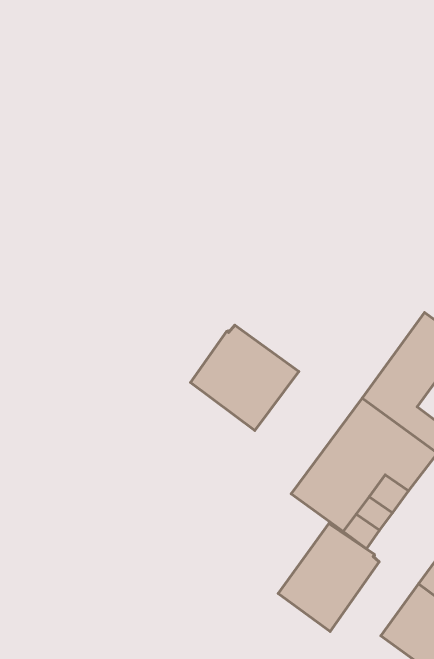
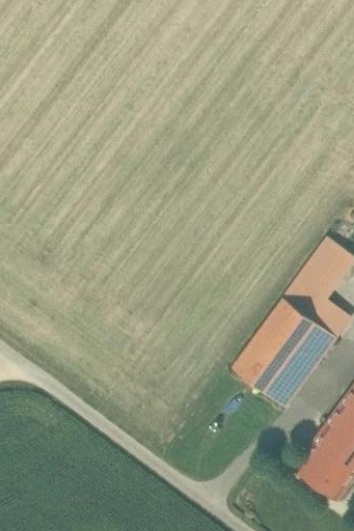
building: [191,325,299,430] -> none
building: [278,524,379,631] -> none

